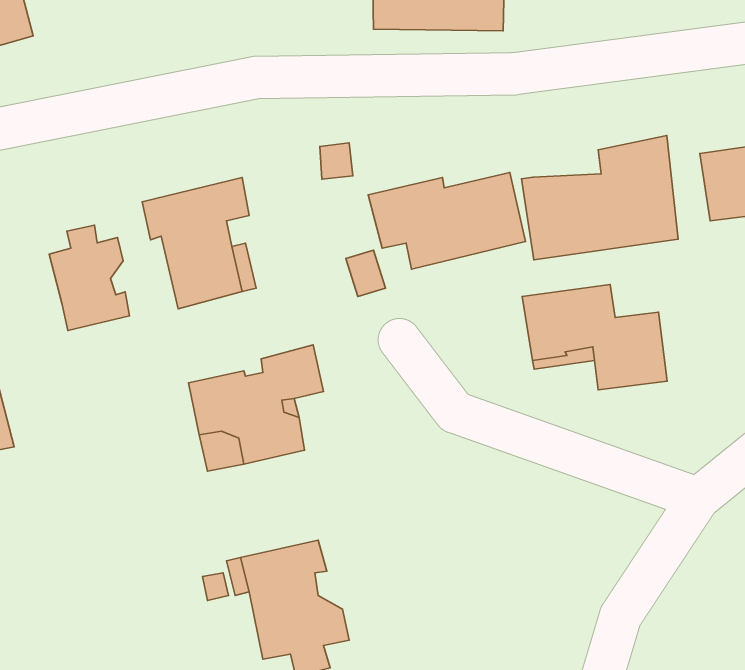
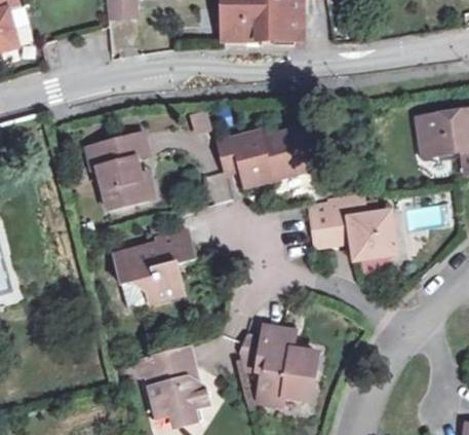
building: [522,135,678,260] -> none
building: [49,225,129,331] -> none
building: none -> [241,324,319,402]

